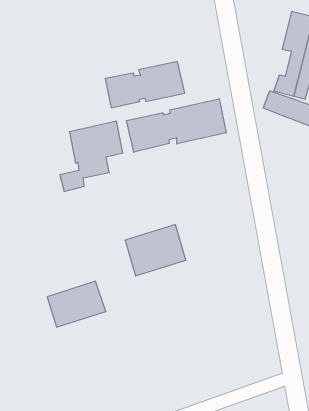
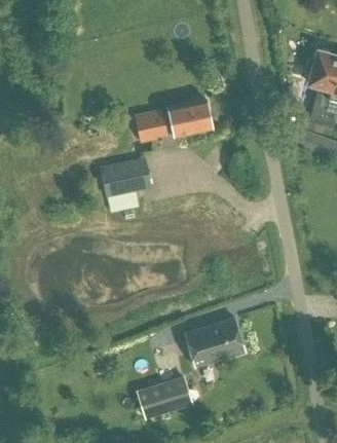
building: [127,99,226,152] -> none
building: [125,225,186,276] -> [185,317,245,367]
building: [47,281,106,327] -> [137,374,194,419]

